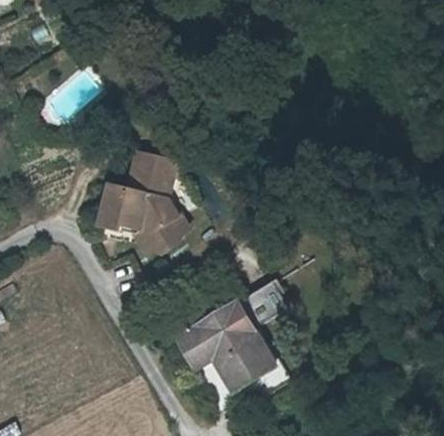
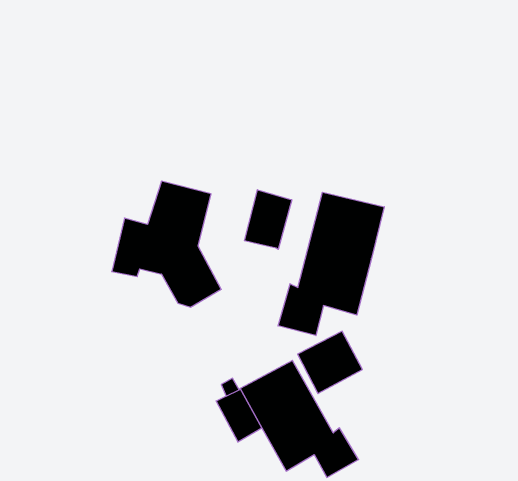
building: none -> [244,190,292,249]
building: none -> [278,192,384,336]

